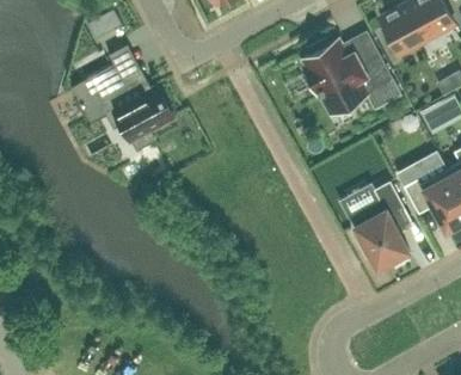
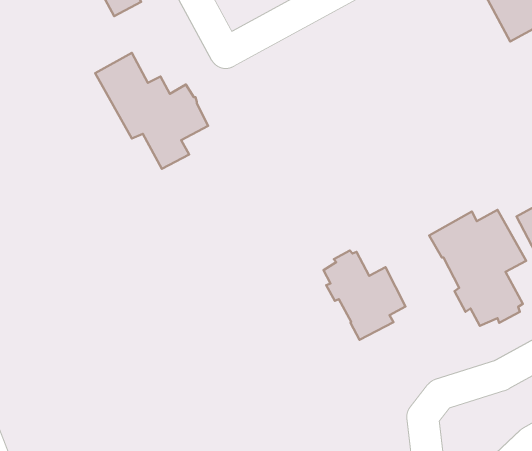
building: [302,39,393,115] -> none
building: none -> [323,250,406,340]

